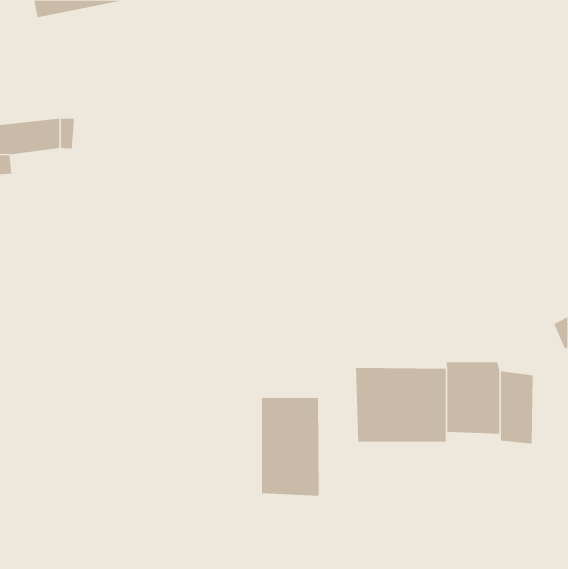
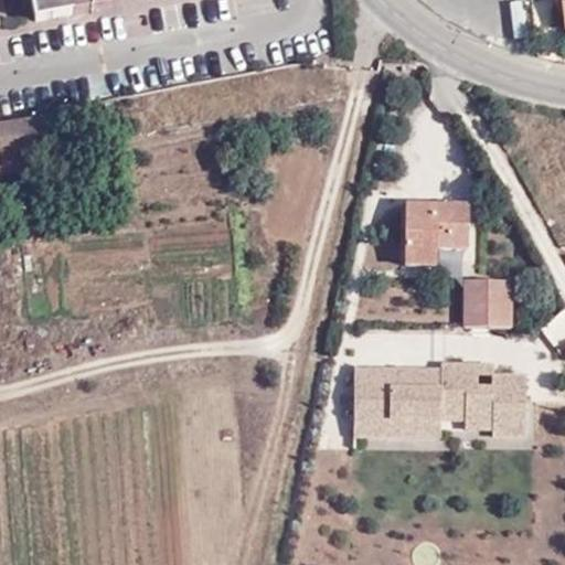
building: none -> [399,194,468,263]
building: none -> [461,279,512,329]
building: [261,397,319,496] -> none

